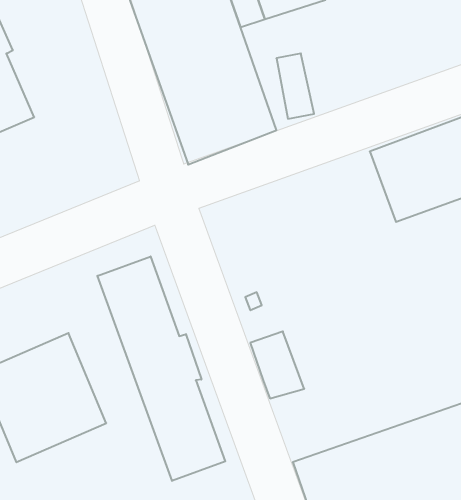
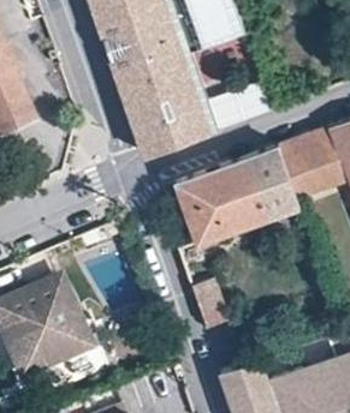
building: none -> [177,148,299,245]
building: [97,256,225,481] -> none

